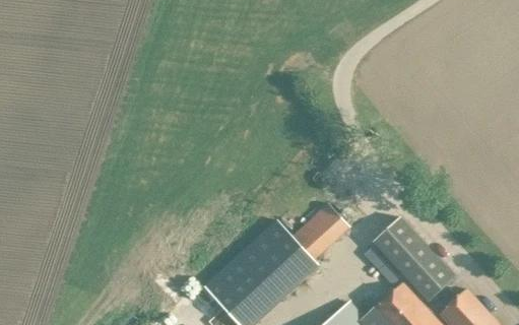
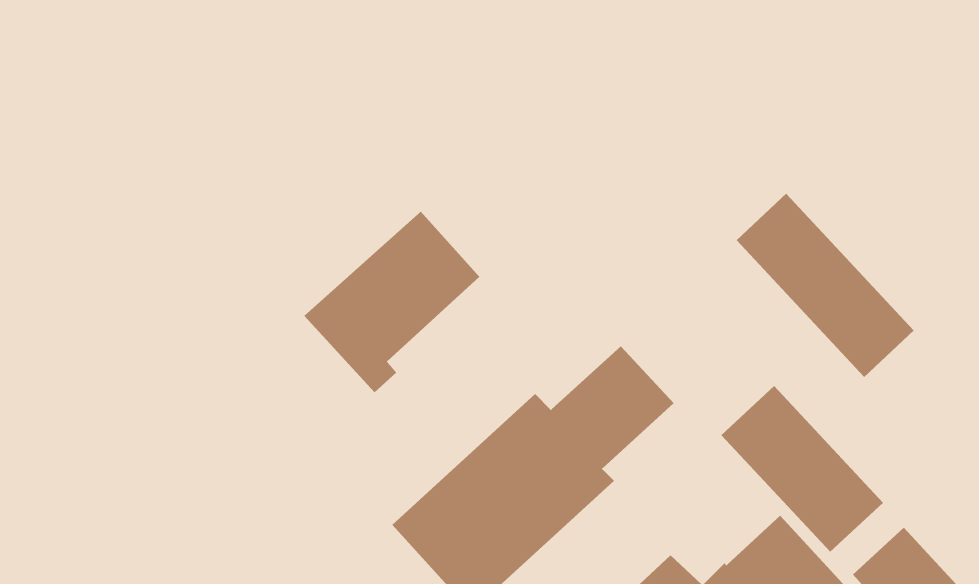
building: none -> [736,193,915,378]
building: none -> [304,211,480,393]

